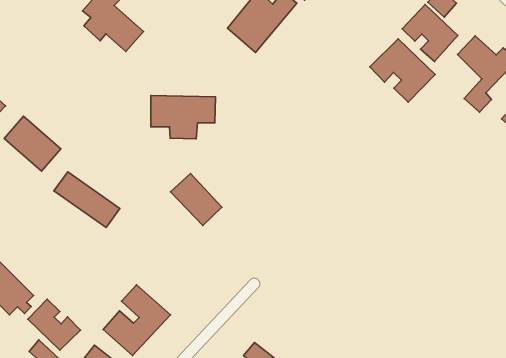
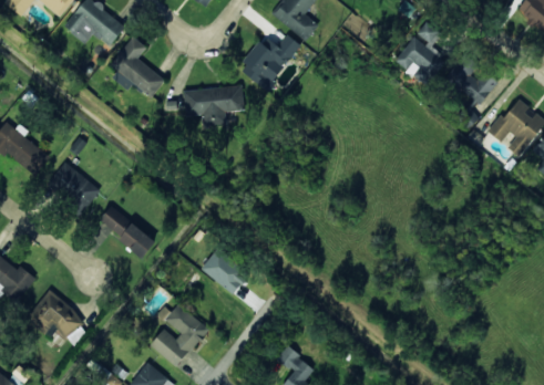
building: [370,39,435,102] -> none
building: [151,95,216,139] -> [184,86,243,126]
building: [170,173,222,226] -> [202,250,248,295]
building: [28,299,80,350] -> none

